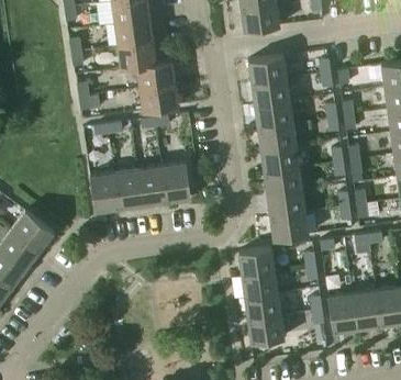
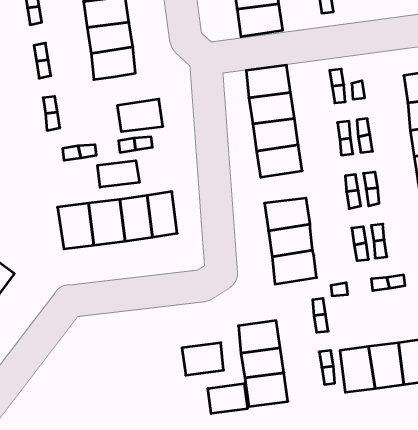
building: [136,60,175,90] -> none
building: none -> [98,161,139,187]
building: [260,145,299,172] -> none
building: [238,248,274,276] -> [182,343,224,375]
building: none -> [208,384,247,414]

